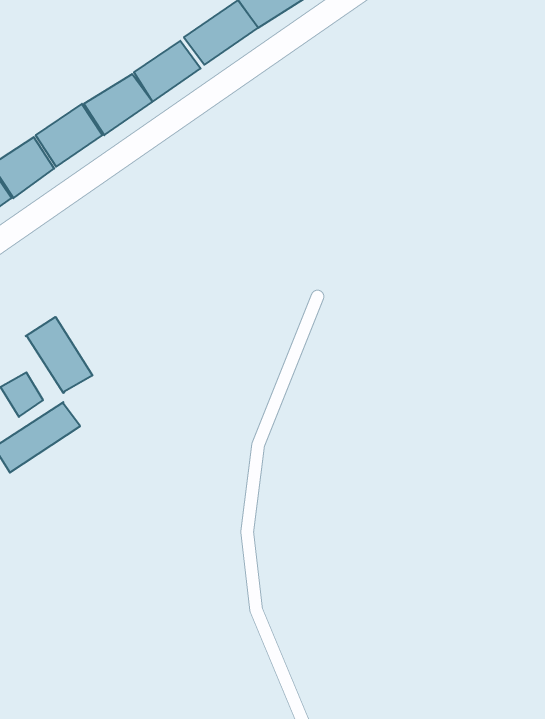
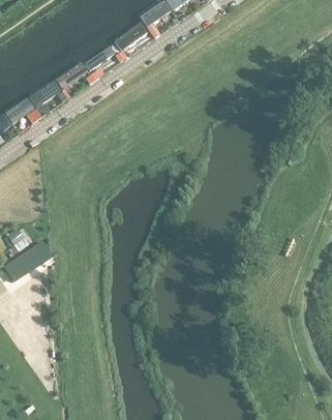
building: [26,317,92,393] -> none

